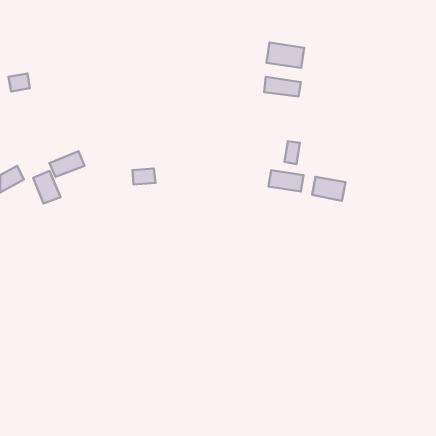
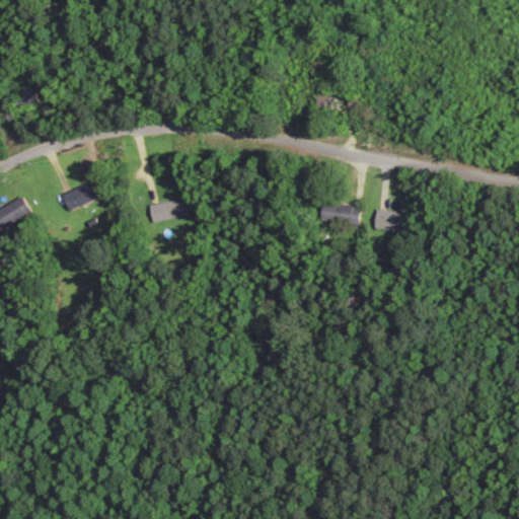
building: [267,43,304,68] -> none
building: [285,141,300,164] -> none
building: [33,171,61,203] -> none

